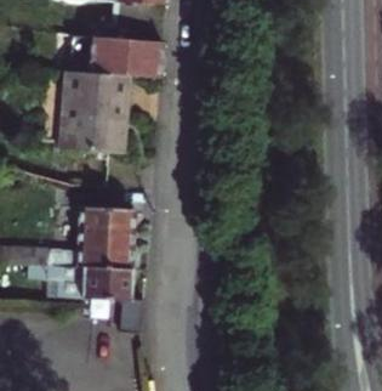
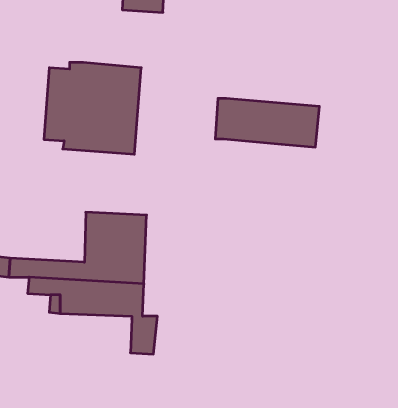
building: [70,34,164,78] -> [215,98,319,147]

